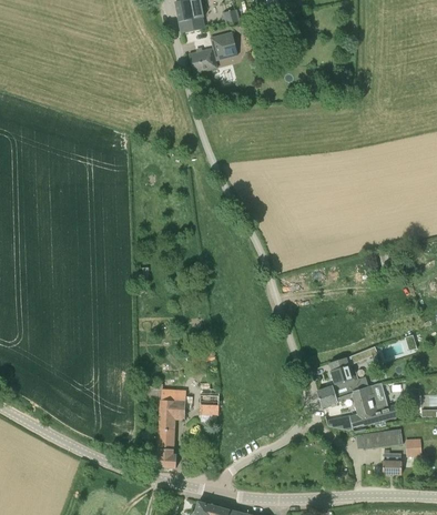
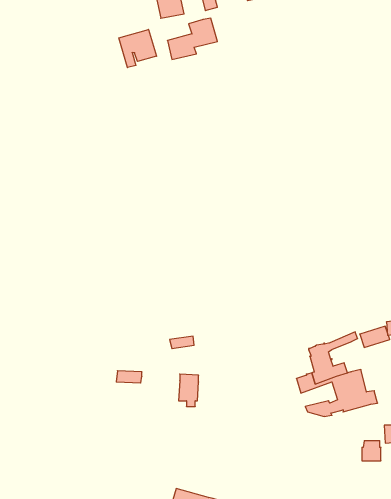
building: none -> [119,29,157,68]
building: [156,391,193,468] -> none
building: [363,428,403,450] -> none

